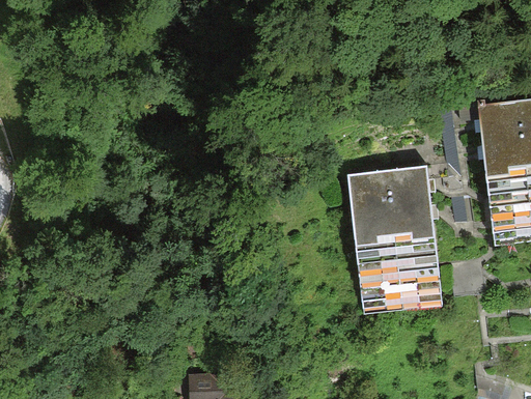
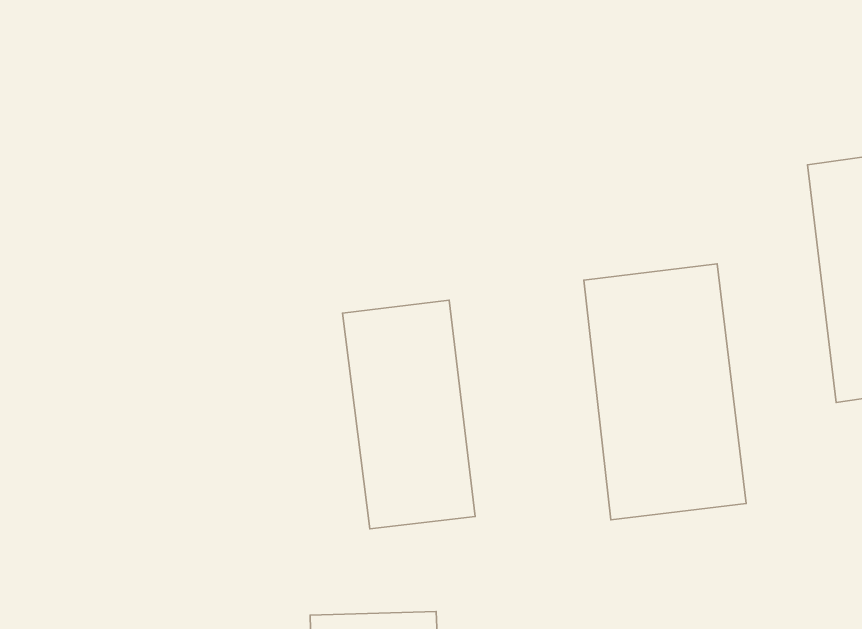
building: none -> [342,300,475,529]

